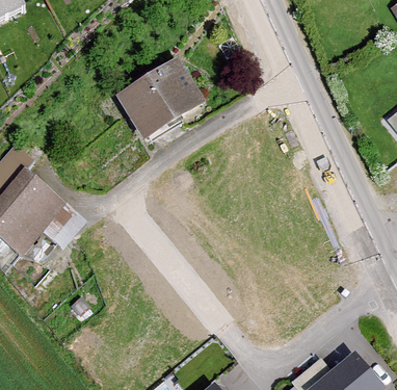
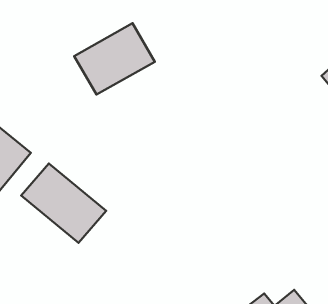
building: none -> [21,163,106,243]

